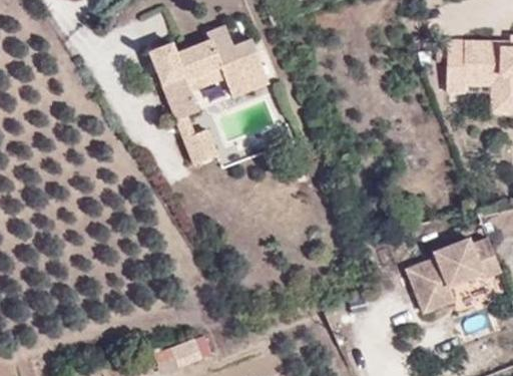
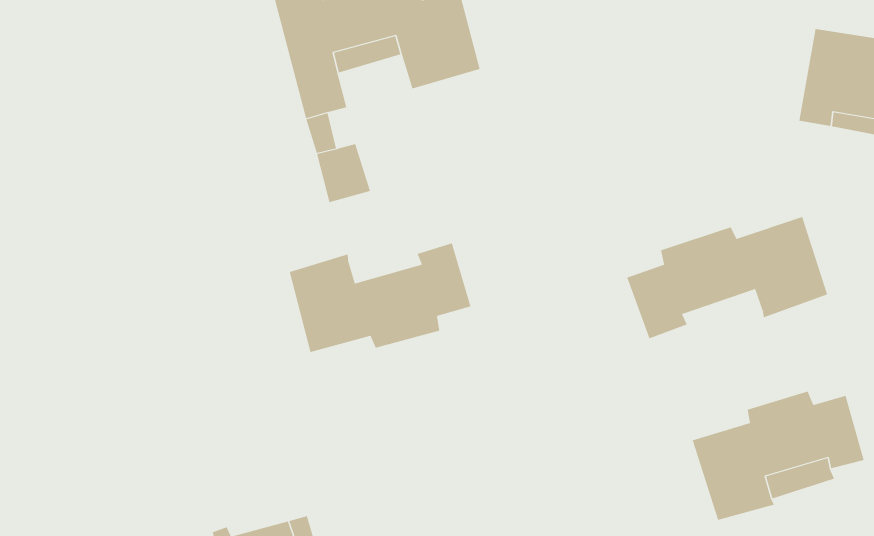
building: none -> [627,216,828,339]
building: none -> [289,242,471,353]

